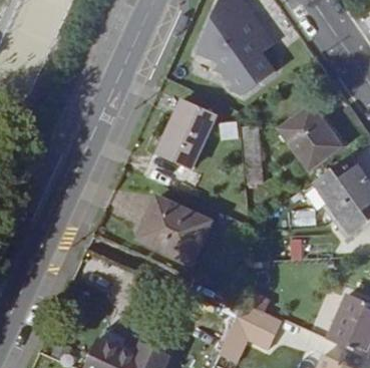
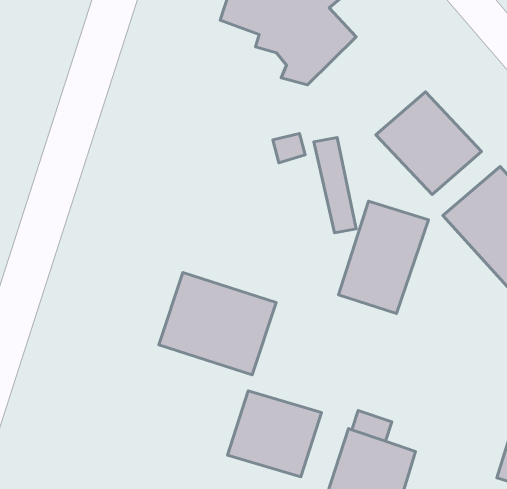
building: [157,99,216,167] -> [338,201,428,314]
building: none -> [227,391,322,477]

